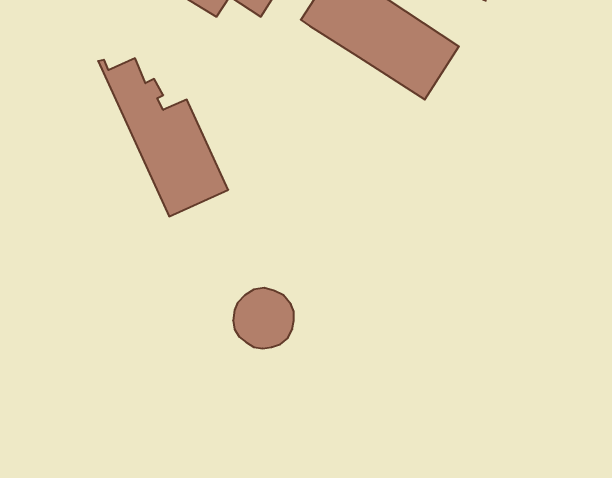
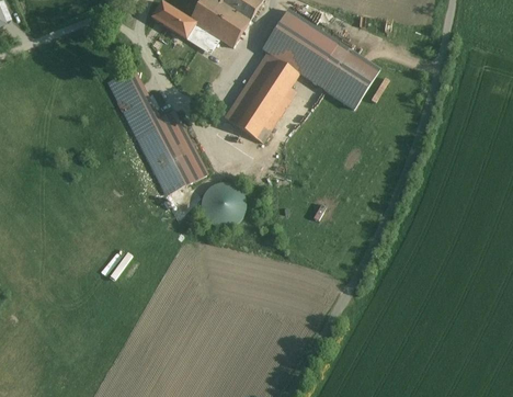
building: none -> [225,55,304,145]
building: [233,288,294,348] -> [200,183,244,228]

